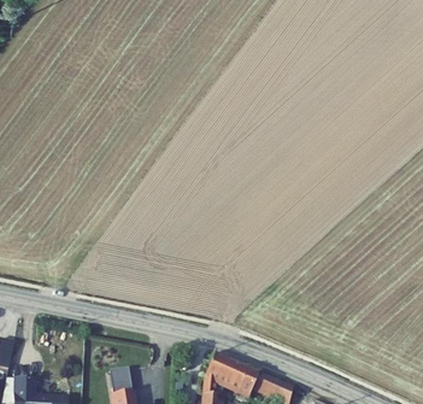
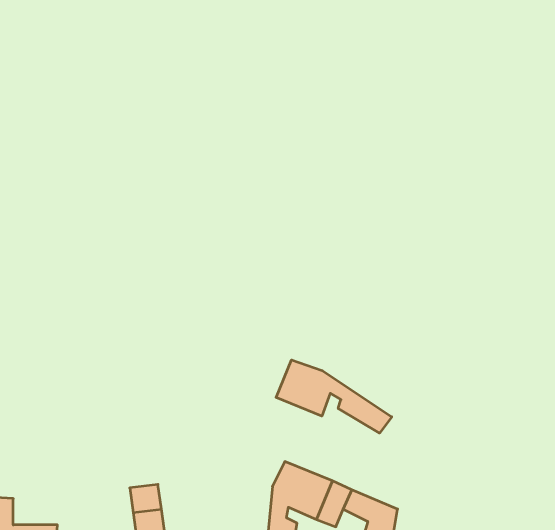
building: none -> [276,360,392,433]

